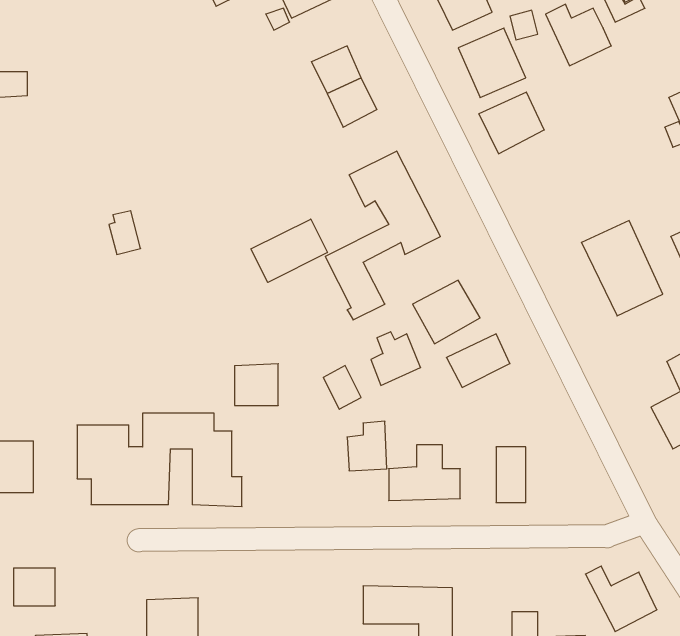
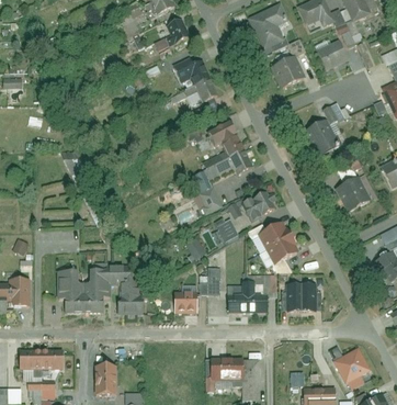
building: [479,92,544,154] -> [300,119,337,153]
building: [251,219,327,282] -> none
building: none -> [265,236,299,265]
building: [235,364,278,405] -> [172,291,196,314]
building: none -> [300,282,318,313]
building: none -> [41,349,63,370]

